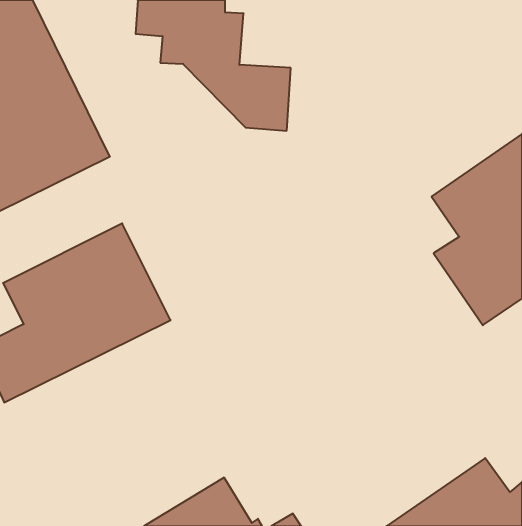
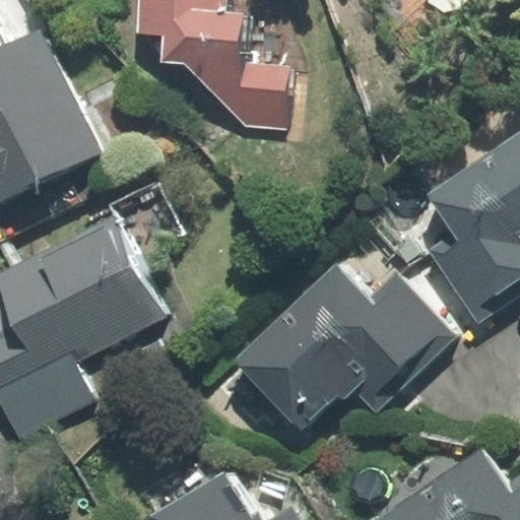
building: none -> [232,265,456,432]

